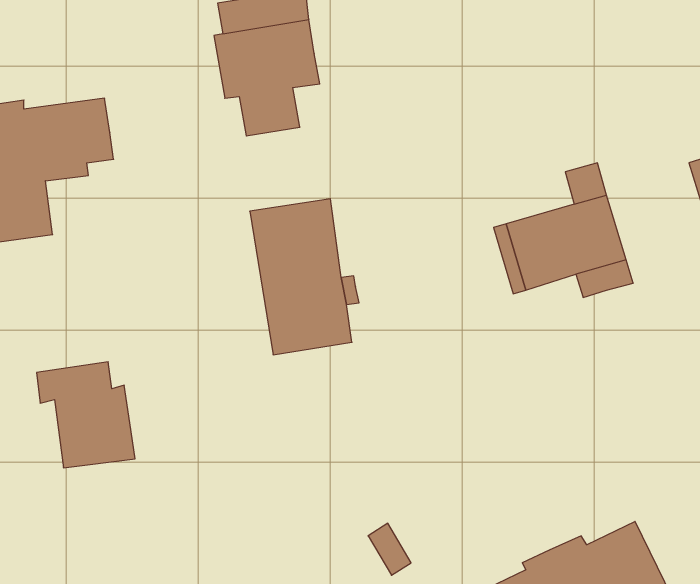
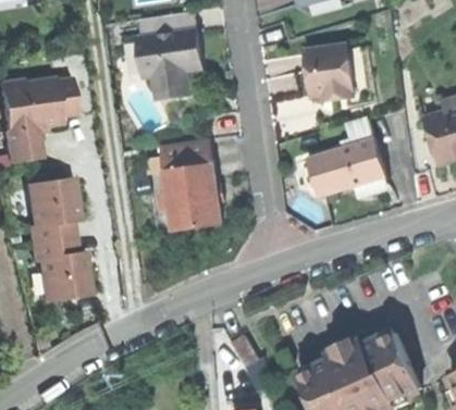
building: none -> [307,44,356,99]
building: none -> [27,177,78,243]

